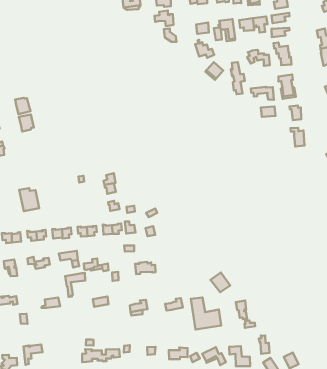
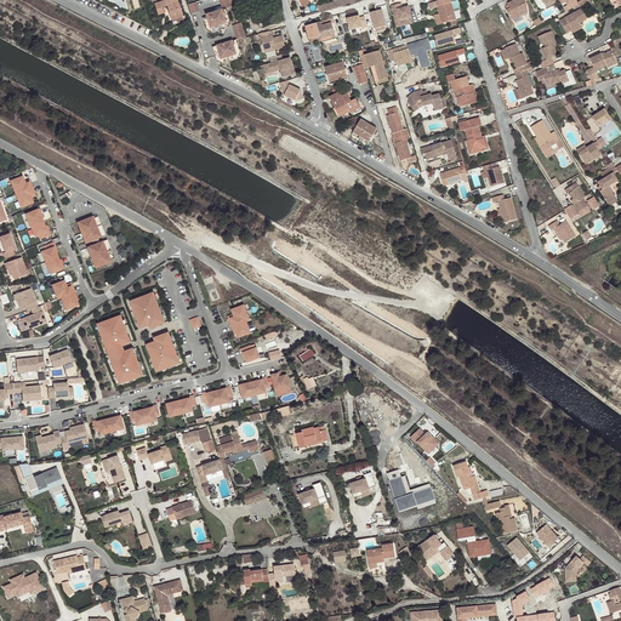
building: none -> [130,294,163,327]
building: none -> [97,317,129,353]
building: none -> [146,334,177,371]

